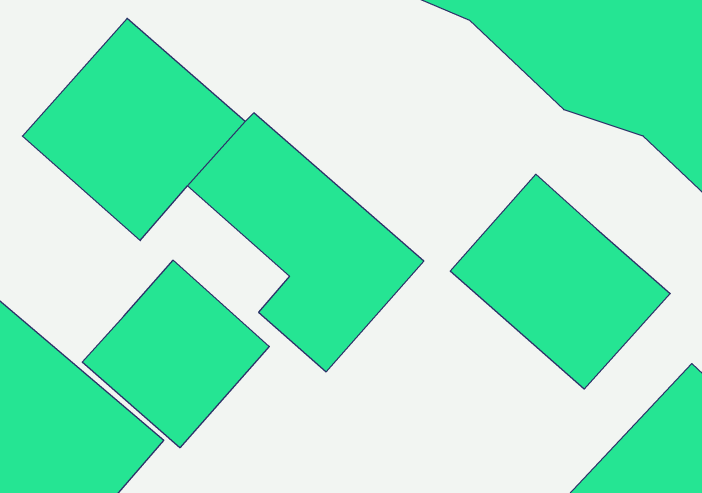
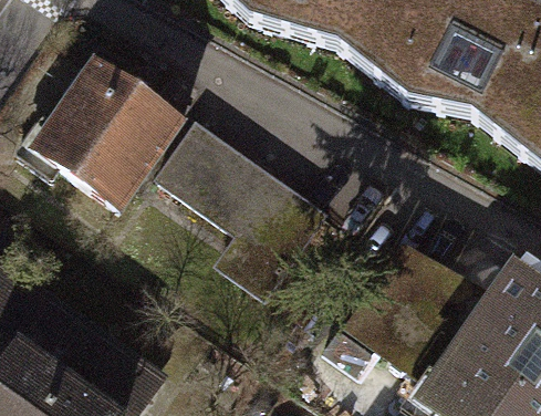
building: [450,174,670,389] -> none
building: [82,260,269,448] -> none

